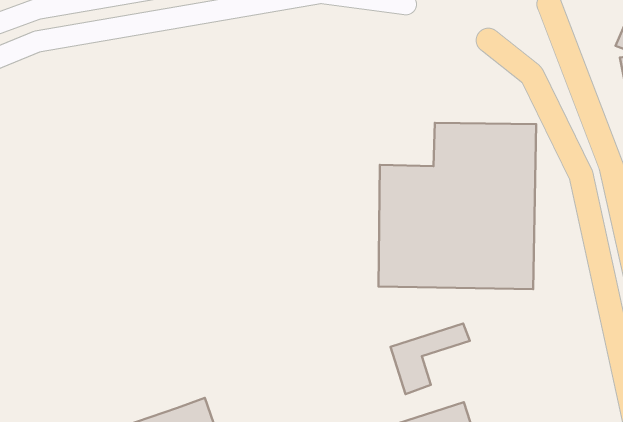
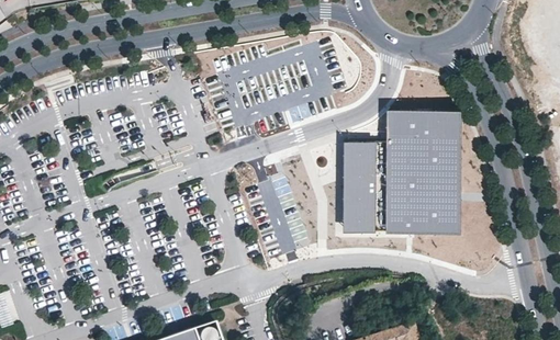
building: [390,324,470,394] -> none

